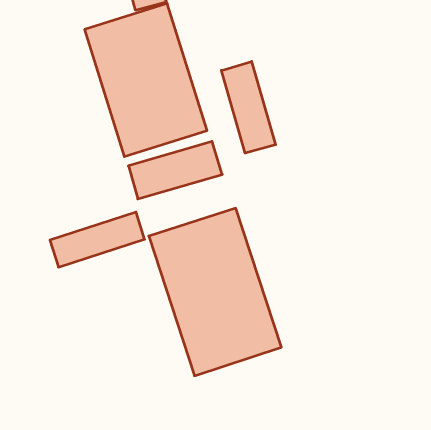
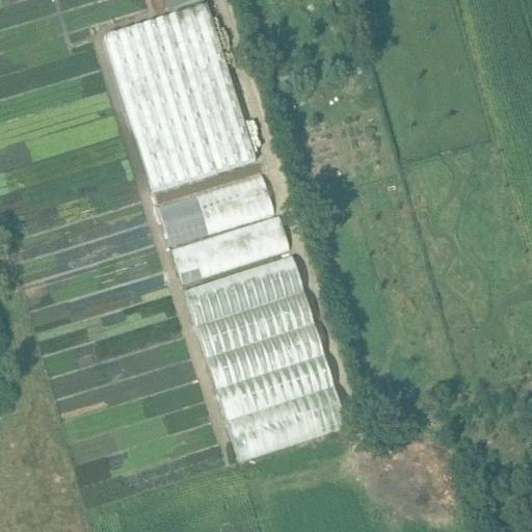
building: [221,61,276,153] -> none
building: [50,212,145,267] -> [172,216,289,284]

